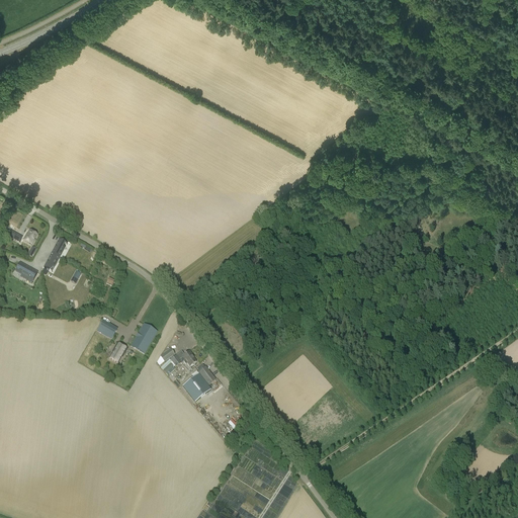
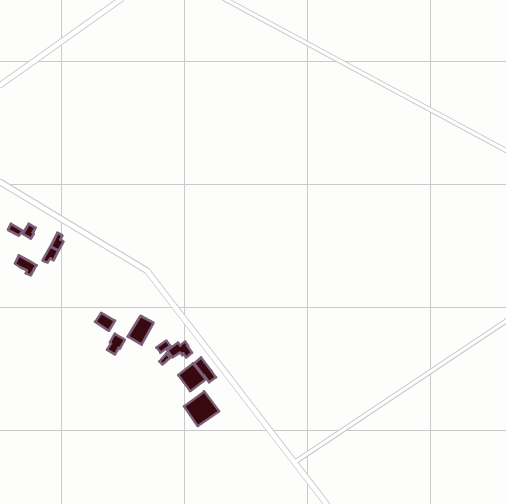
building: none -> [184,391,219,426]

